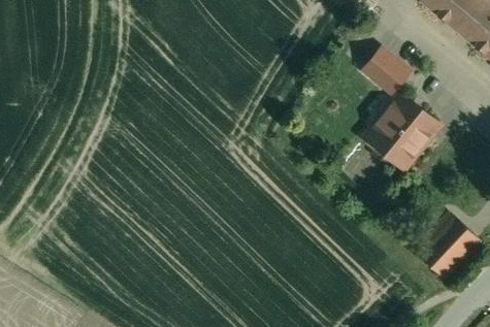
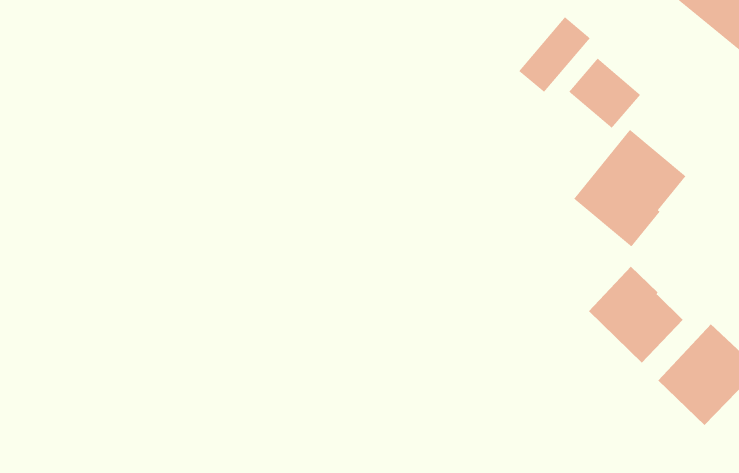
building: none -> [518,16,591,93]
building: none -> [588,266,684,363]

